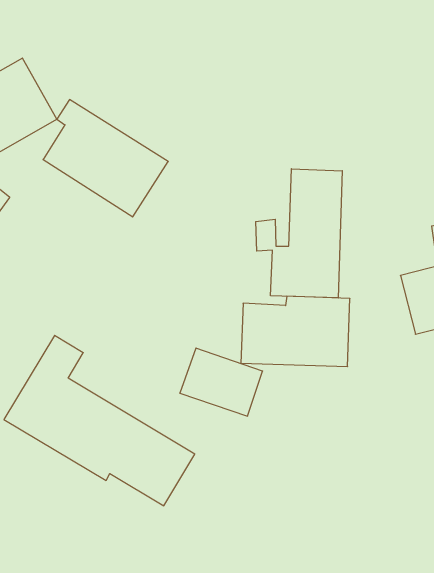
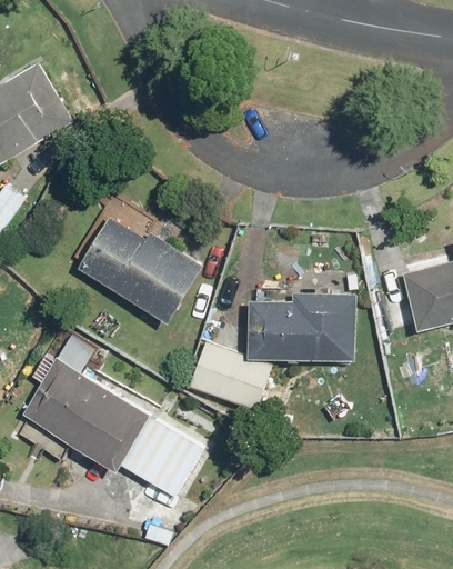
building: [43,100,168,217] -> [78,209,199,322]
building: [256,169,342,298] -> none

